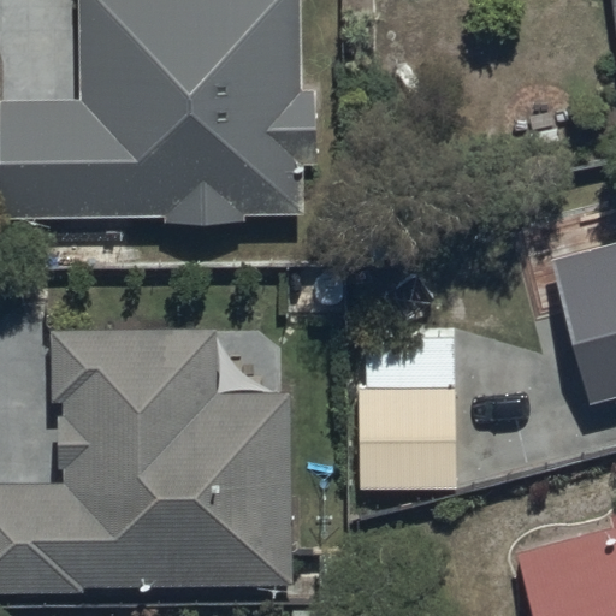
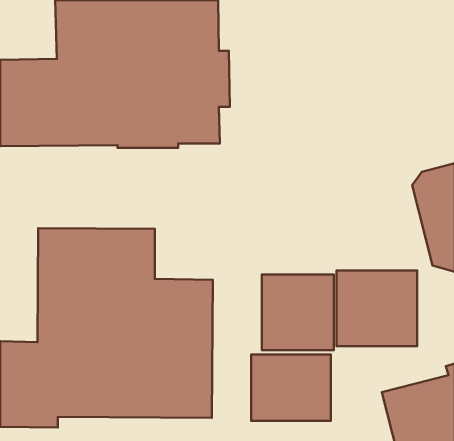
building: none -> [337,270,417,346]
building: none -> [251,355,331,421]

